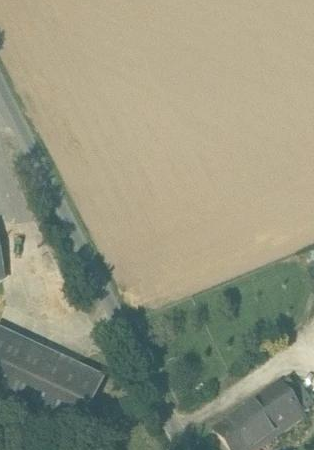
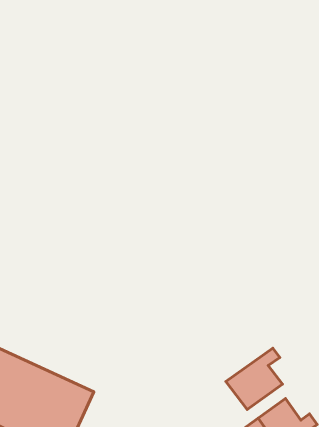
building: none -> [226,348,282,410]

